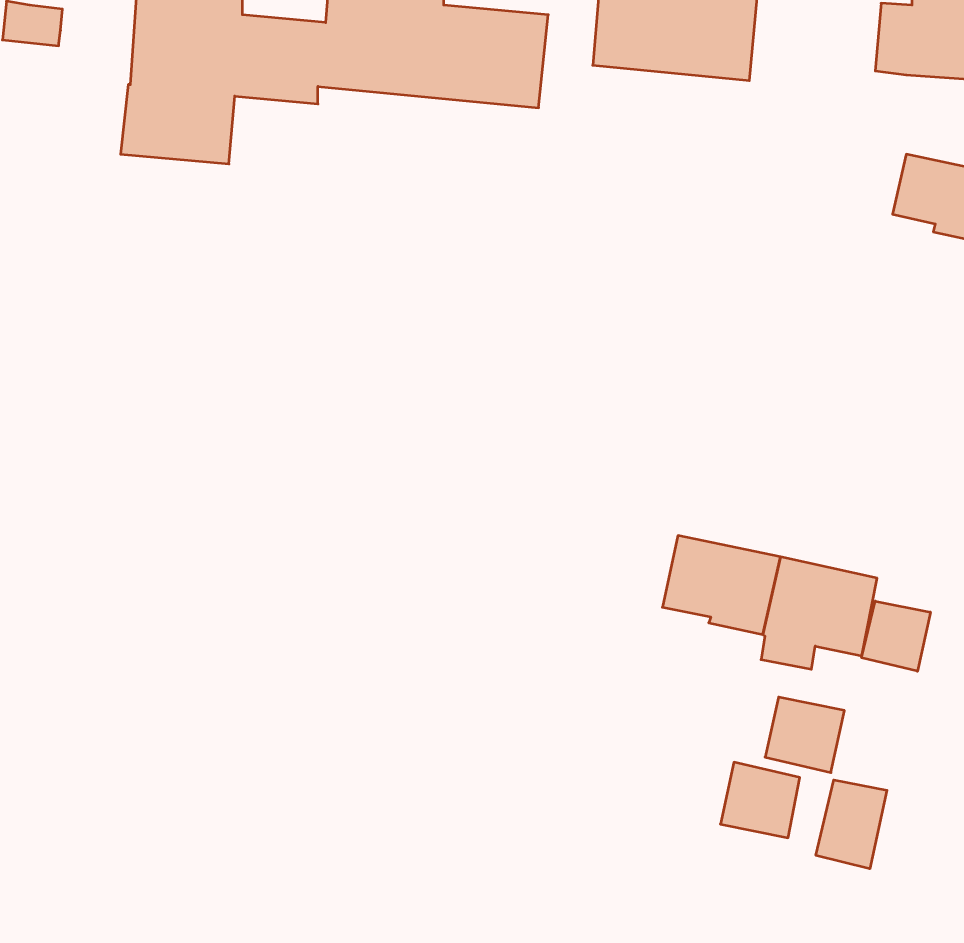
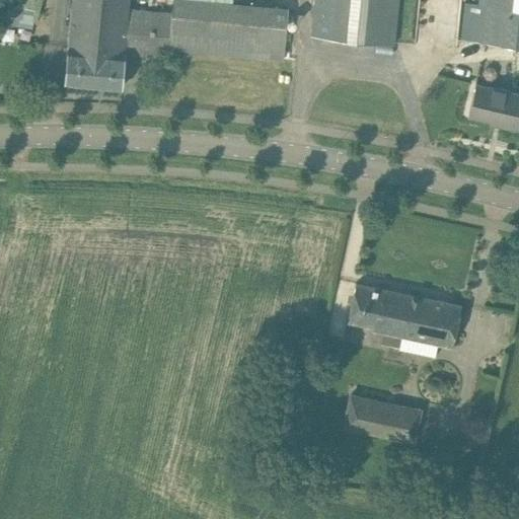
building: [862,601,930,671] -> none
building: [765,697,844,773] -> [345,395,386,435]
building: [816,780,887,869] -> none

